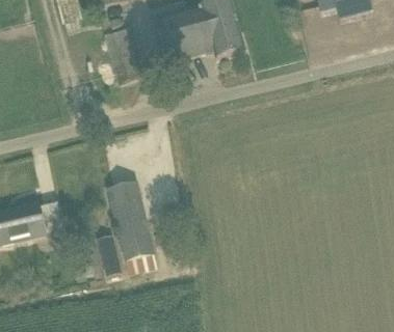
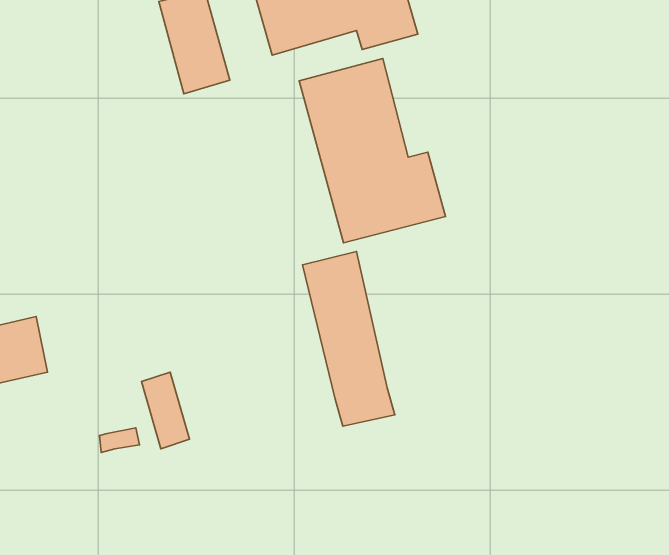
building: none -> [299,58,445,243]
building: [105,174,155,269] -> [303,252,395,426]

